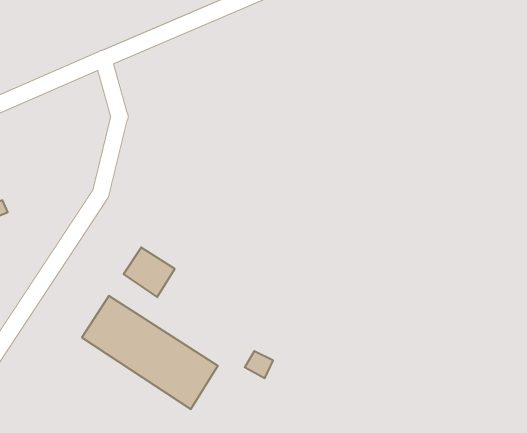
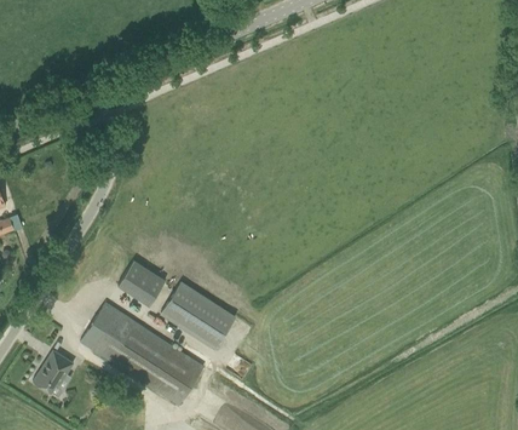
building: none -> [161,282,235,348]
building: none -> [33,349,74,392]

